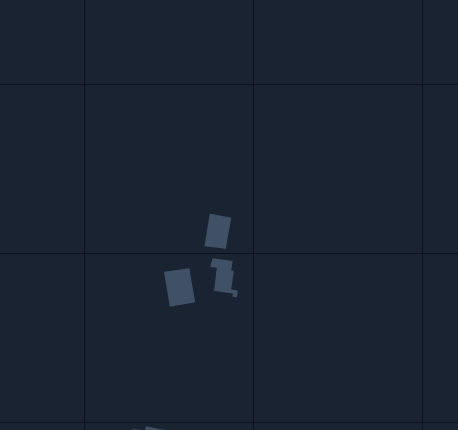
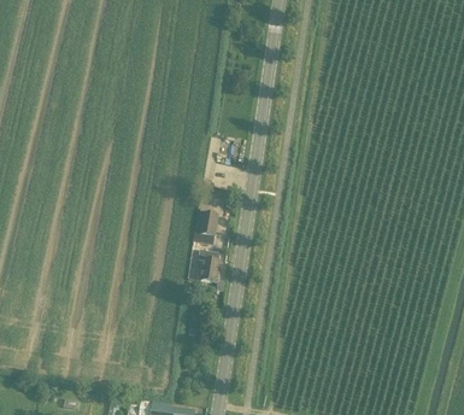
building: [163,268,196,308] -> none

